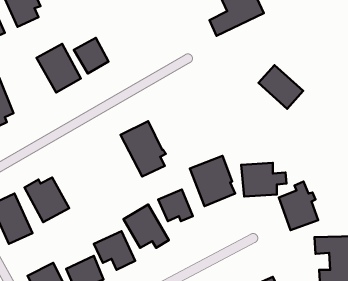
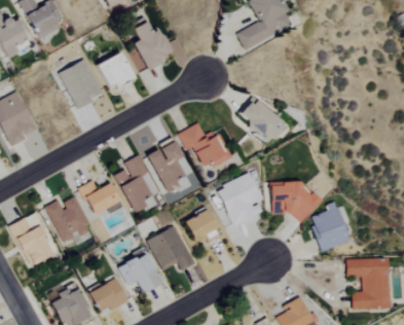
building: none -> [132,26,172,67]
building: [259,65,303,109] -> [237,97,284,142]
building: none -> [179,123,224,165]
building: none -> [114,153,158,212]
building: none -> [79,180,119,214]

